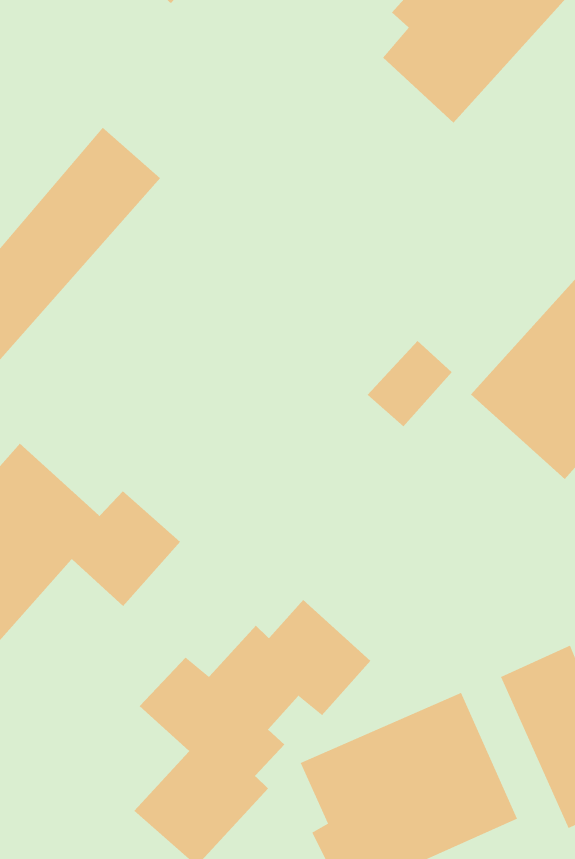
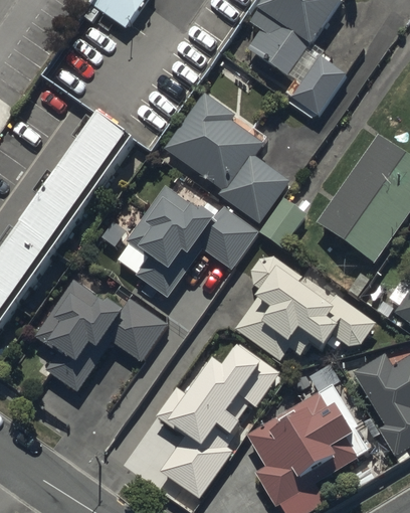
building: none -> [291,53,346,112]
building: none -> [165,92,288,222]
building: none -> [125,186,257,296]
building: none -> [235,251,373,359]

